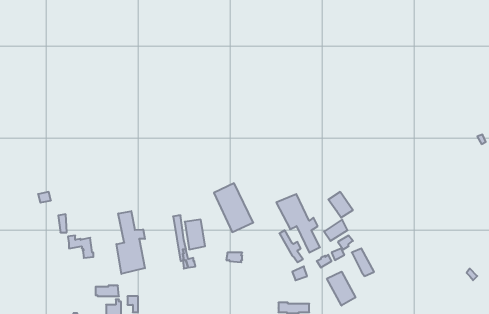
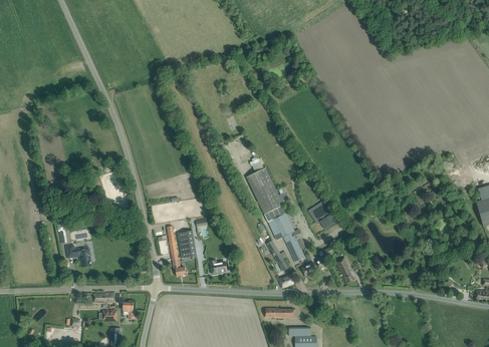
building: [214,183,253,232] -> [246,167,283,214]
building: [116,211,145,274] -> none
building: [327,272,355,306] -> none

